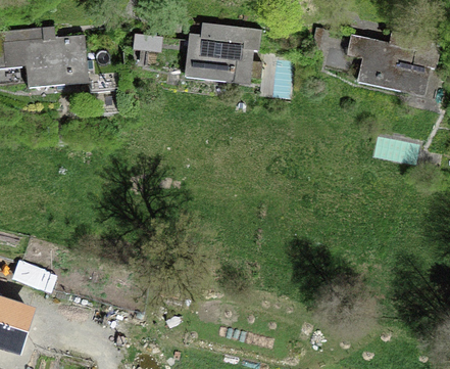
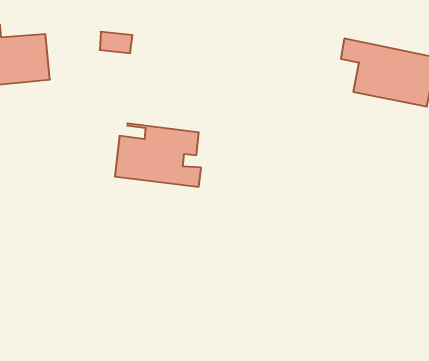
building: [188,22,265,80] -> [115,123,201,187]

